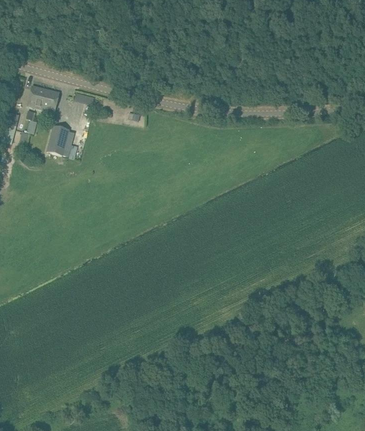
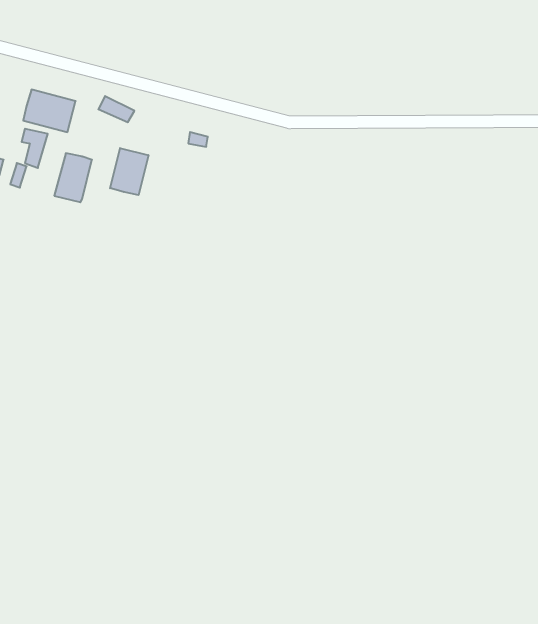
building: none -> [110,148,148,195]

